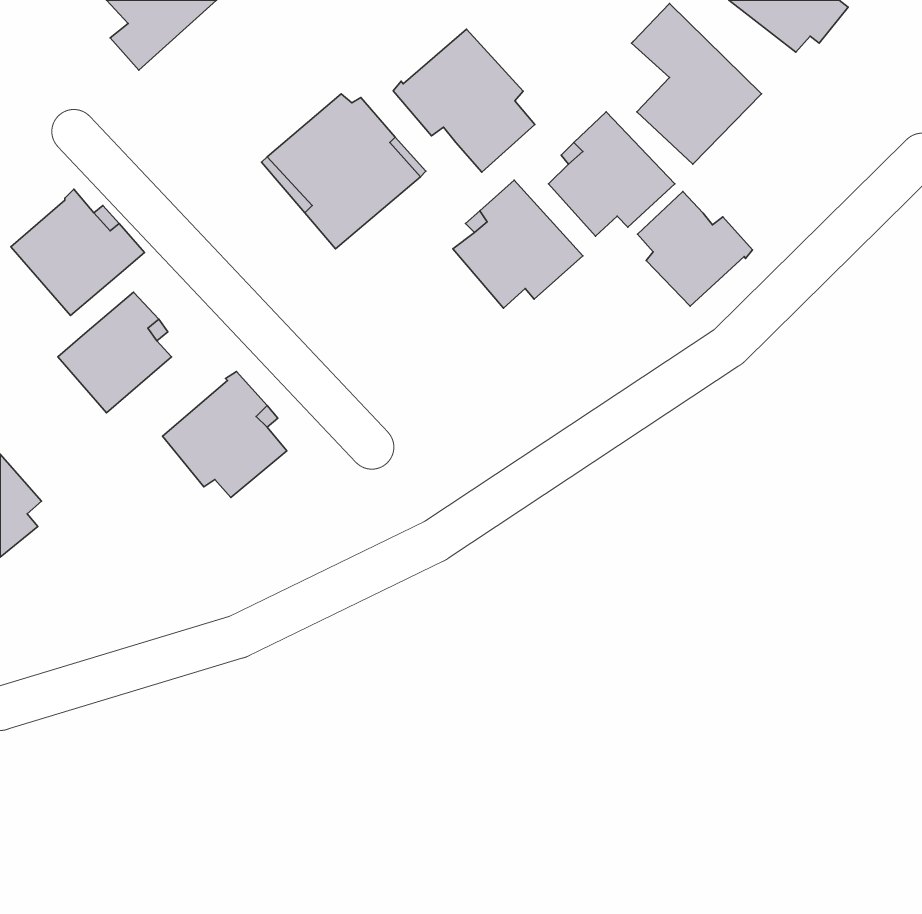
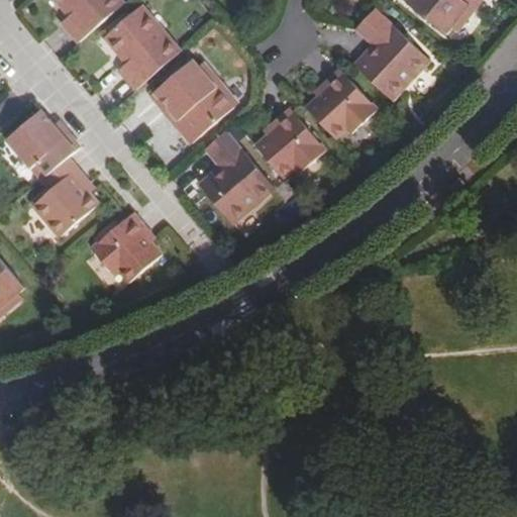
building: none -> [105,8,180,92]
building: [393,29,535,172] -> none
building: [638,191,753,306] -> none
building: none -> [200,131,273,223]

